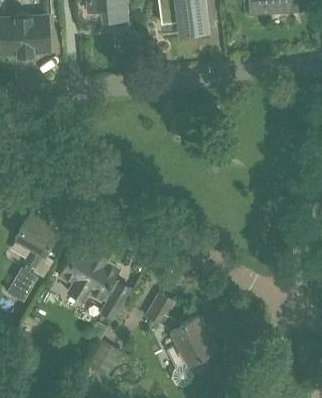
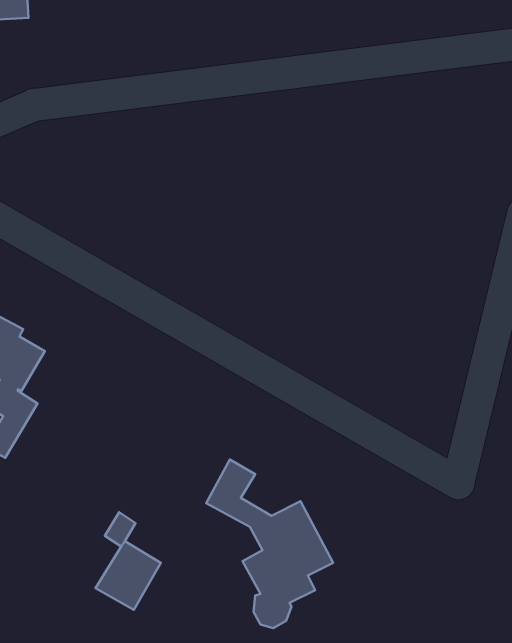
building: [61,245,130,316] -> none

